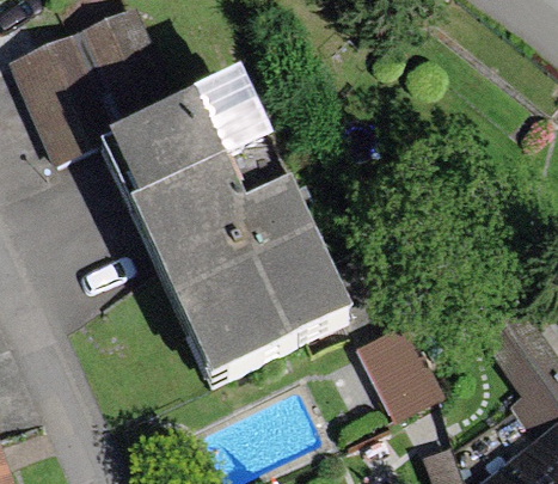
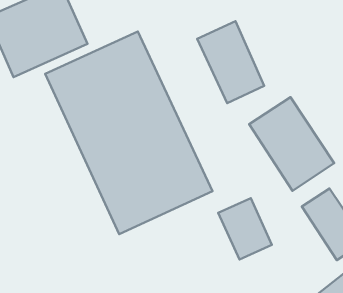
building: none -> [197,21,264,103]
building: none -> [249,97,334,191]

